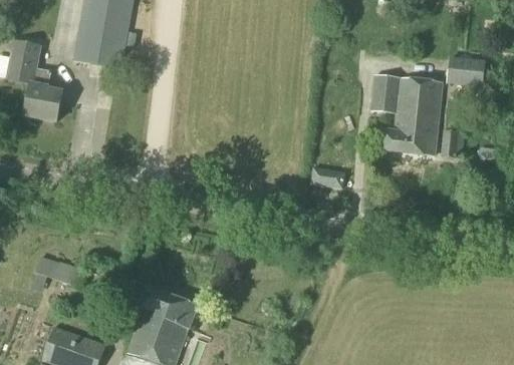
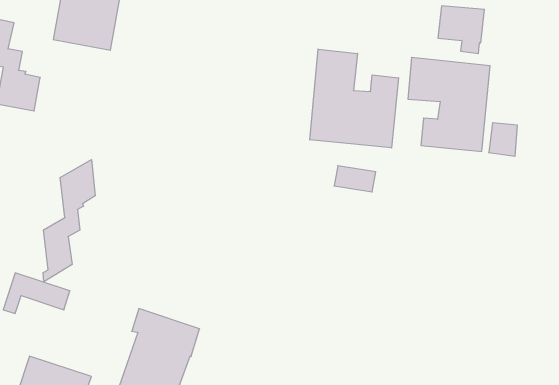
building: [447,56,486,96] -> [438,6,484,54]
building: none -> [310,49,398,148]
building: none -> [43,160,95,282]

